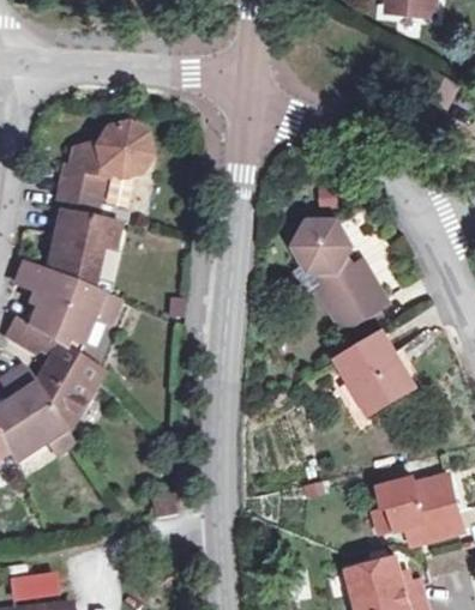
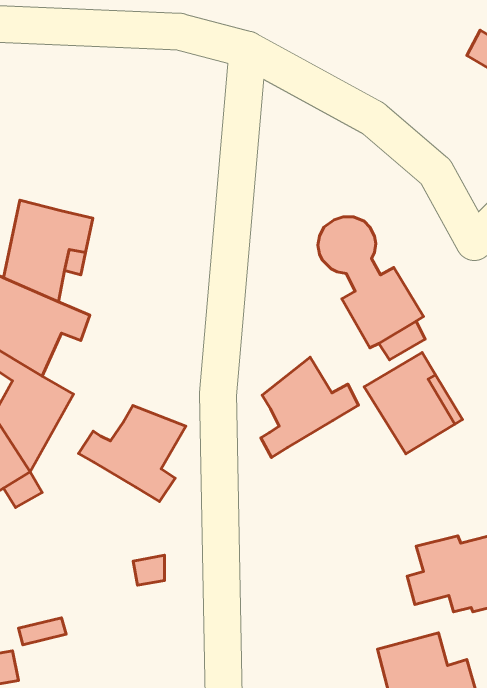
building: [54,115,163,218] -> none
building: none -> [261,357,359,457]
building: none -> [79,406,186,501]

